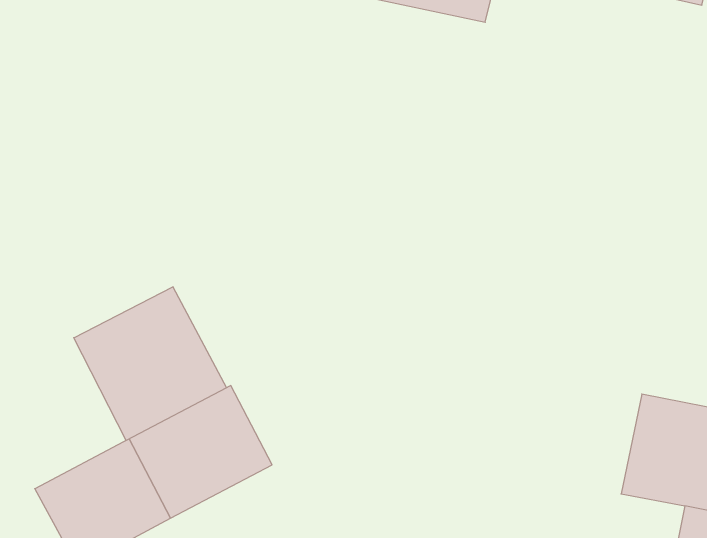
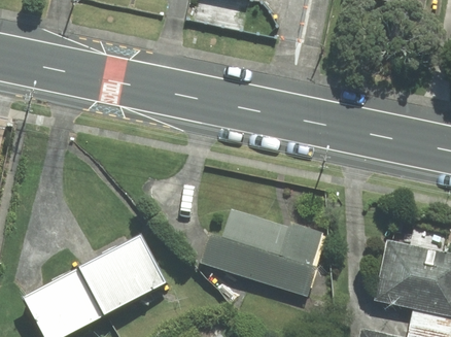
building: [74,287,226,440] -> none
building: none -> [201,210,324,295]

